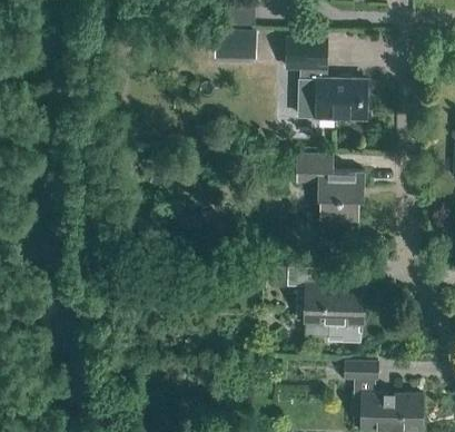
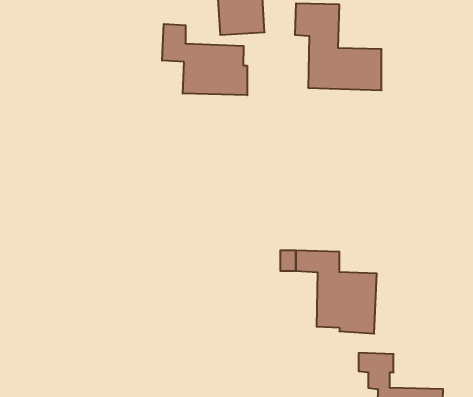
building: none -> [162,24,247,95]
building: [296,153,364,224] -> none

